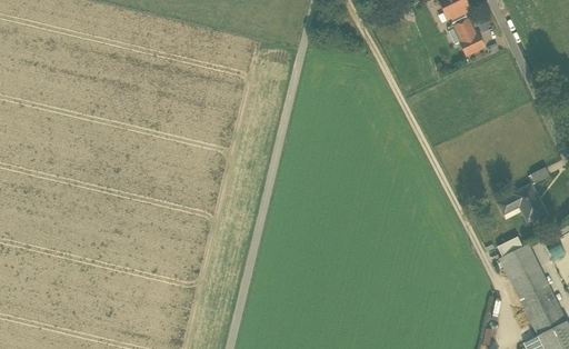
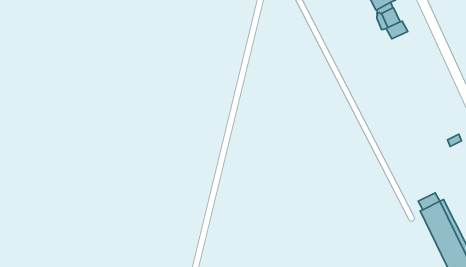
building: [498,185,546,221] -> none

